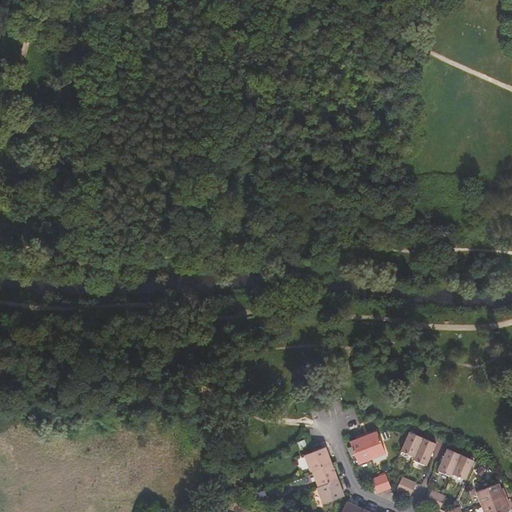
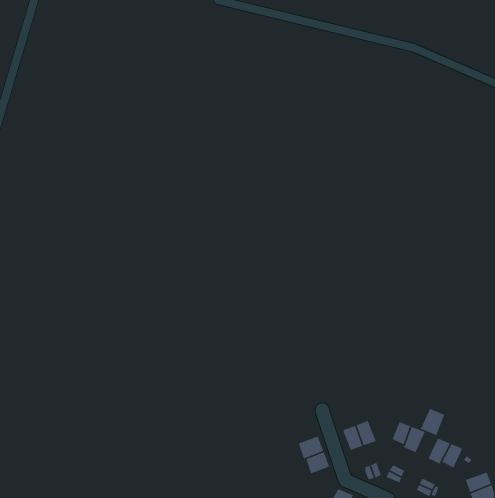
building: none -> [420,408,445,436]
building: [317,479,344,503] -> none

